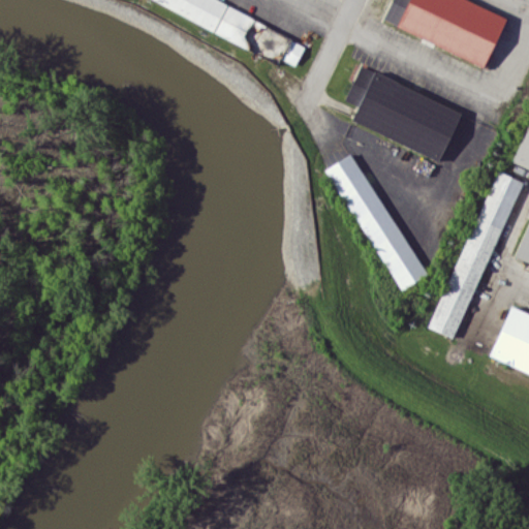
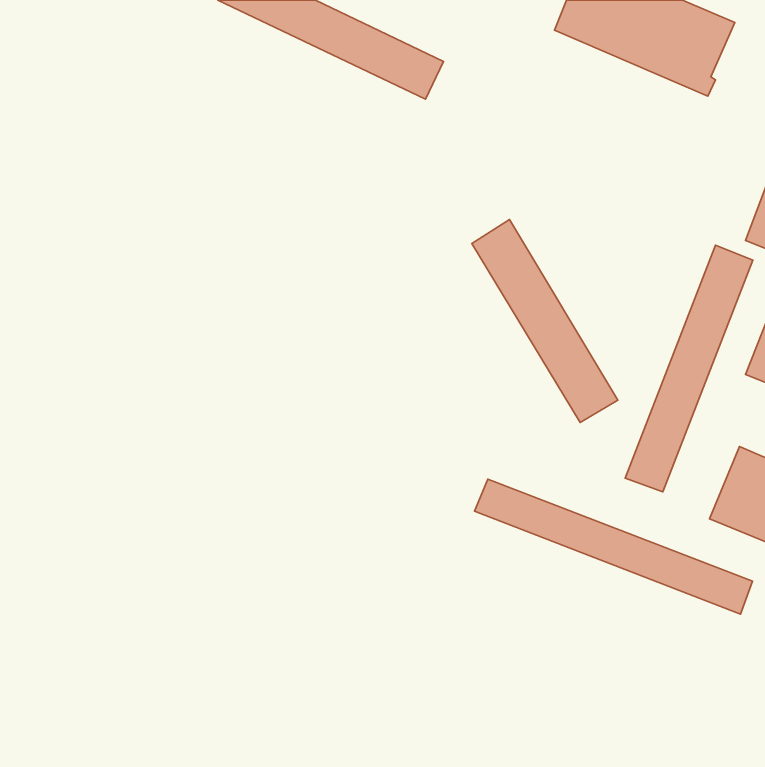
building: [345,66,462,160] -> none
building: none -> [474,479,753,614]

